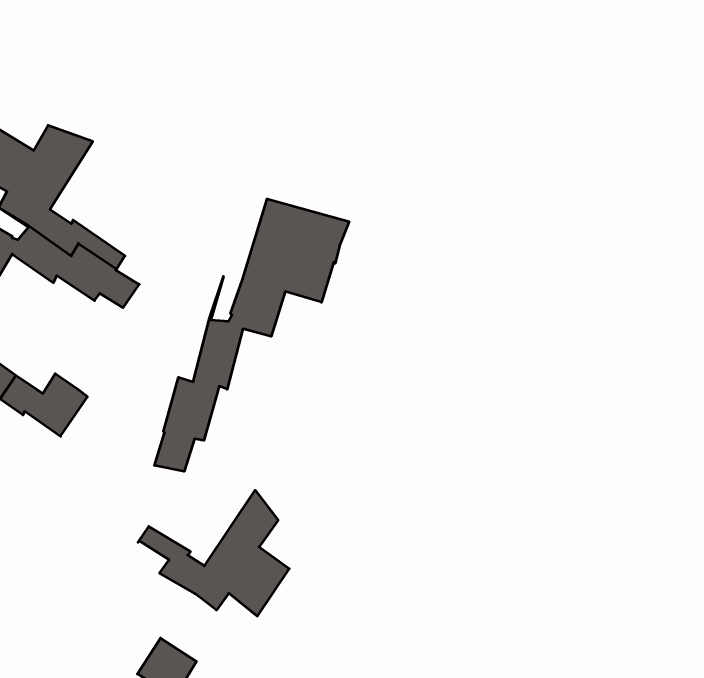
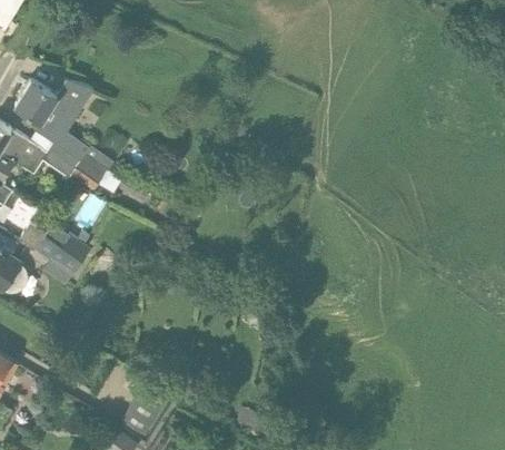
building: [154,199,349,471] -> none
building: [138,490,289,616] -> none

